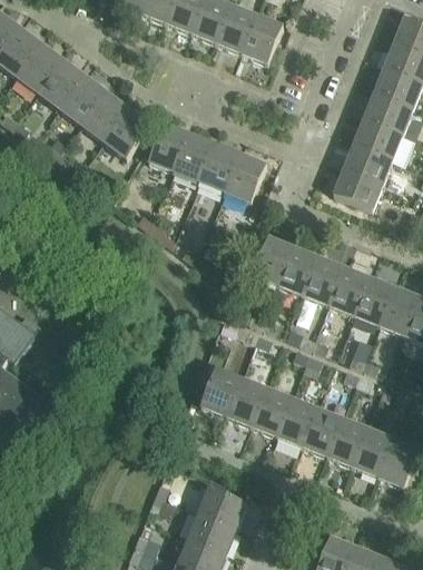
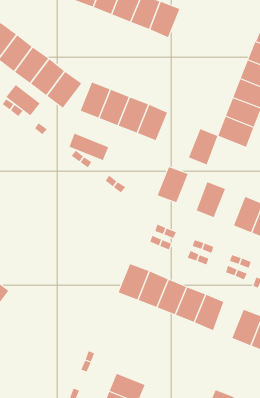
building: none -> [5,84,41,116]
building: none -> [69,133,109,161]
building: [278,246,318,295] -> [188,129,218,165]
building: [328,266,370,315] -> none
building: [327,417,367,466] -> none
building: [197,487,246,529] -> none

